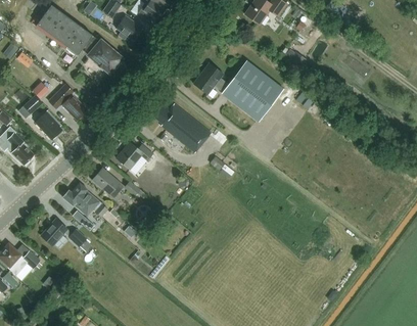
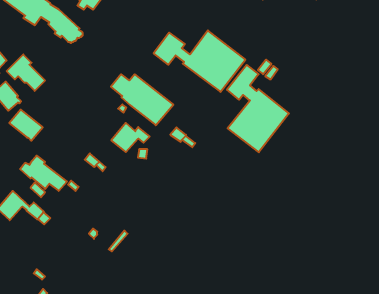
building: none -> [227,65,289,152]
building: [117,141,154,170] -> [111,123,150,152]
building: [92,168,125,198] -> [9,110,43,141]

